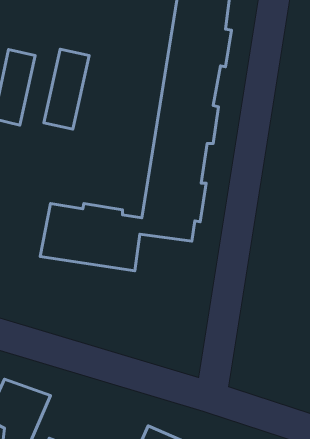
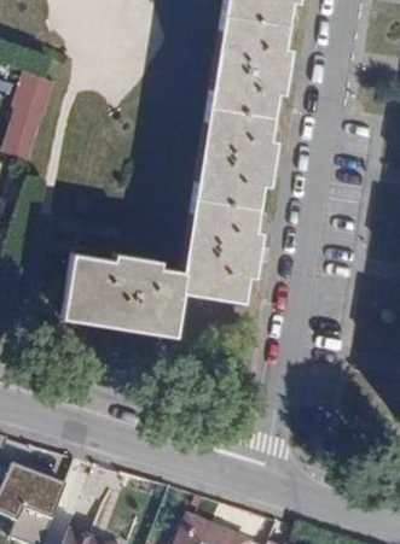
building: [44,49,89,129] -> none

